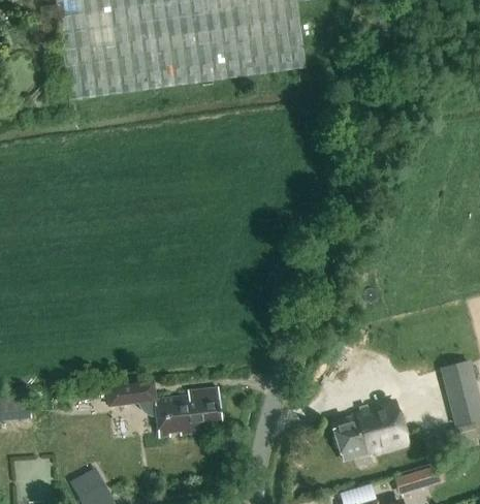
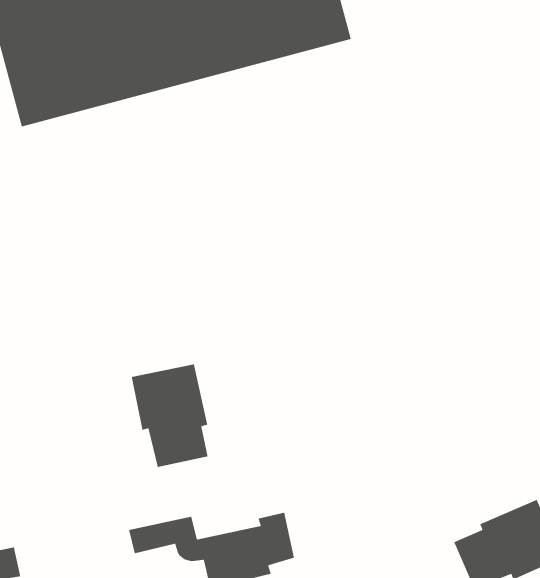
building: none -> [131,364,208,468]

